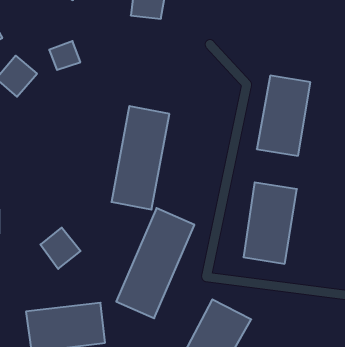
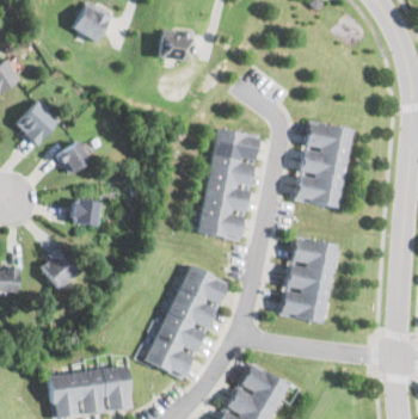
building: [49,41,80,70] -> [59,142,92,173]
building: [111,106,169,210] -> [198,129,260,240]
building: none -> [70,199,102,227]
building: [40,228,81,269] -> [41,247,84,291]

